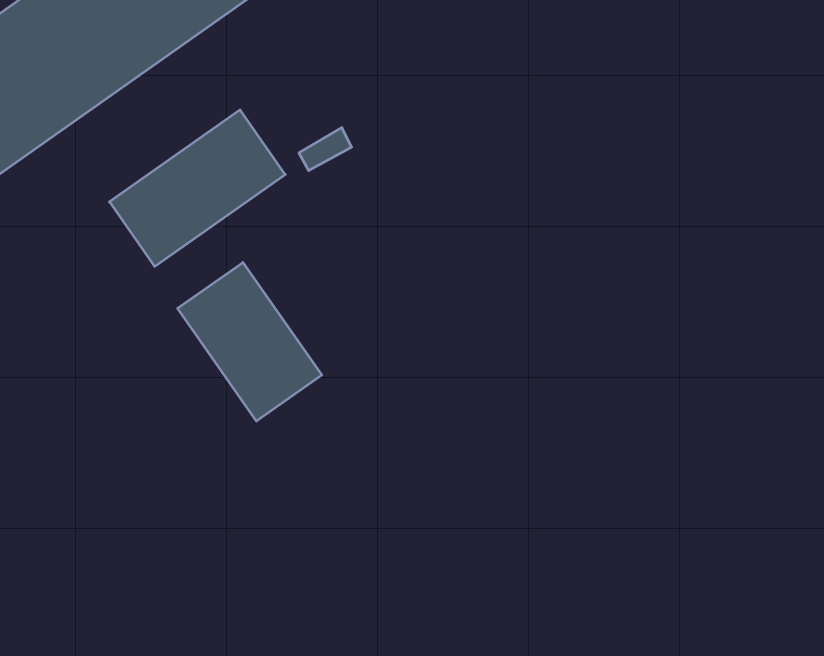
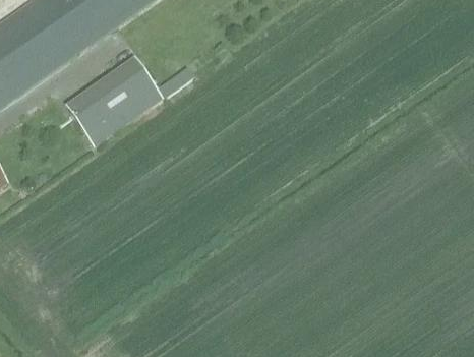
building: [178,262,322,421] -> none

